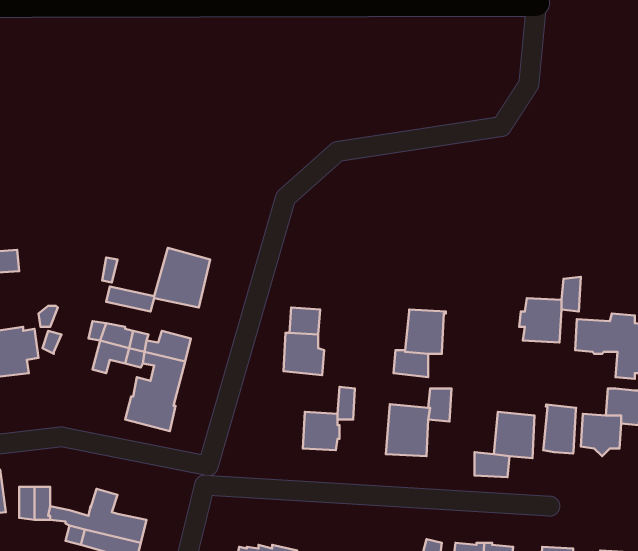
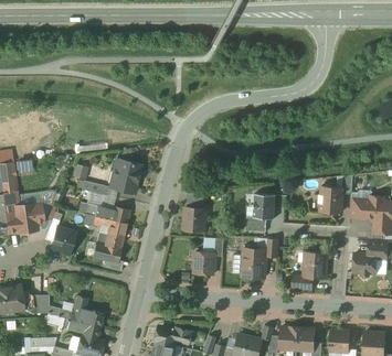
building: none -> [51,227,75,255]
building: [543,404,576,454] -> none

